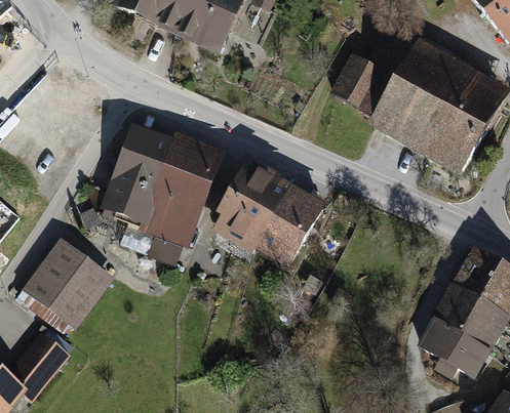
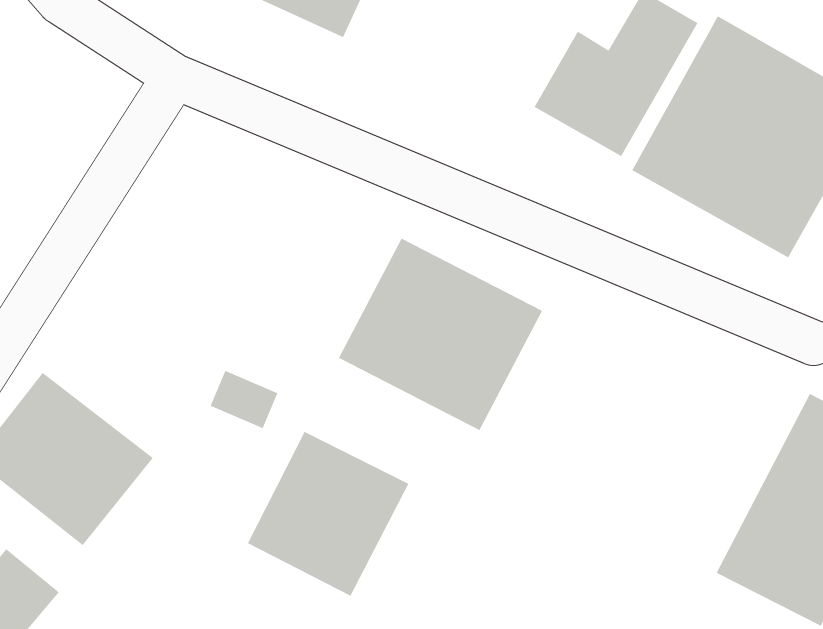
building: [104,124,224,244] -> none
building: none -> [247,431,410,597]

